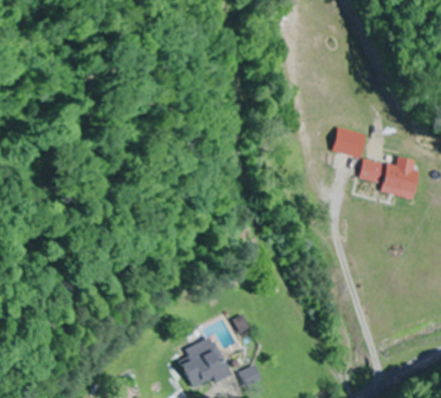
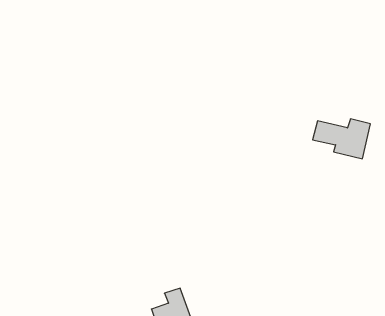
building: [334,127,369,157] -> none

